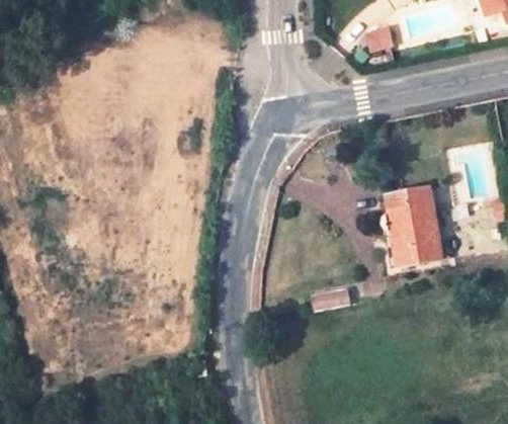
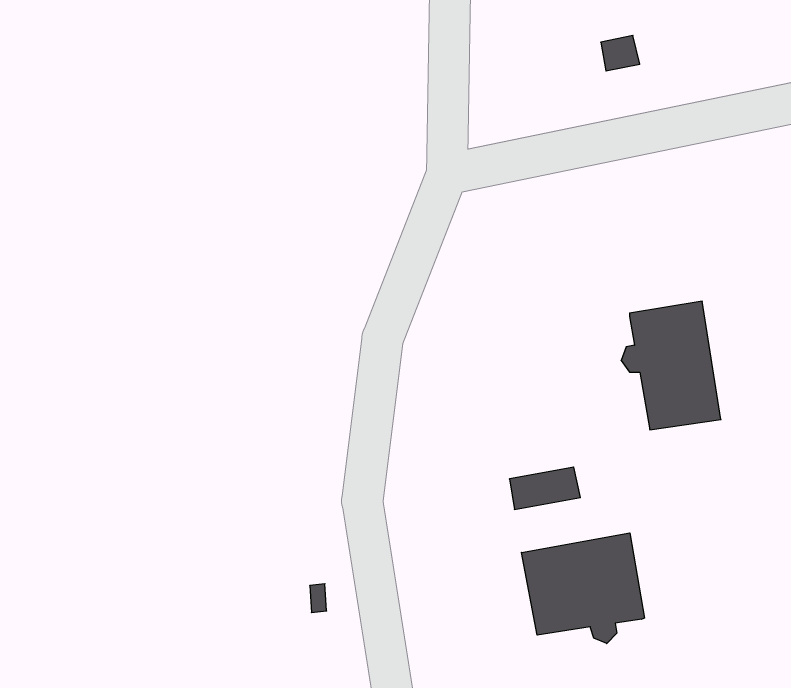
building: none -> [521,533,645,644]

